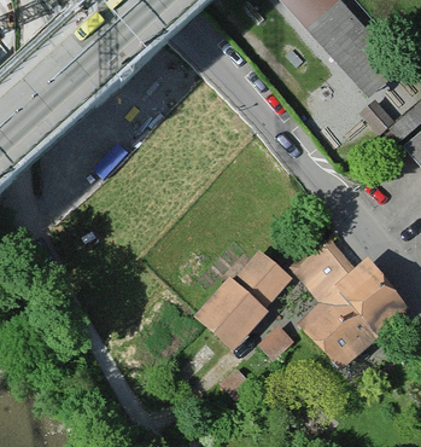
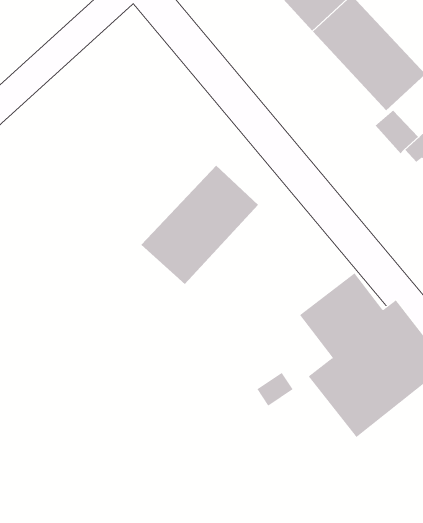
building: [197,249,297,350] -> [141,165,259,285]

